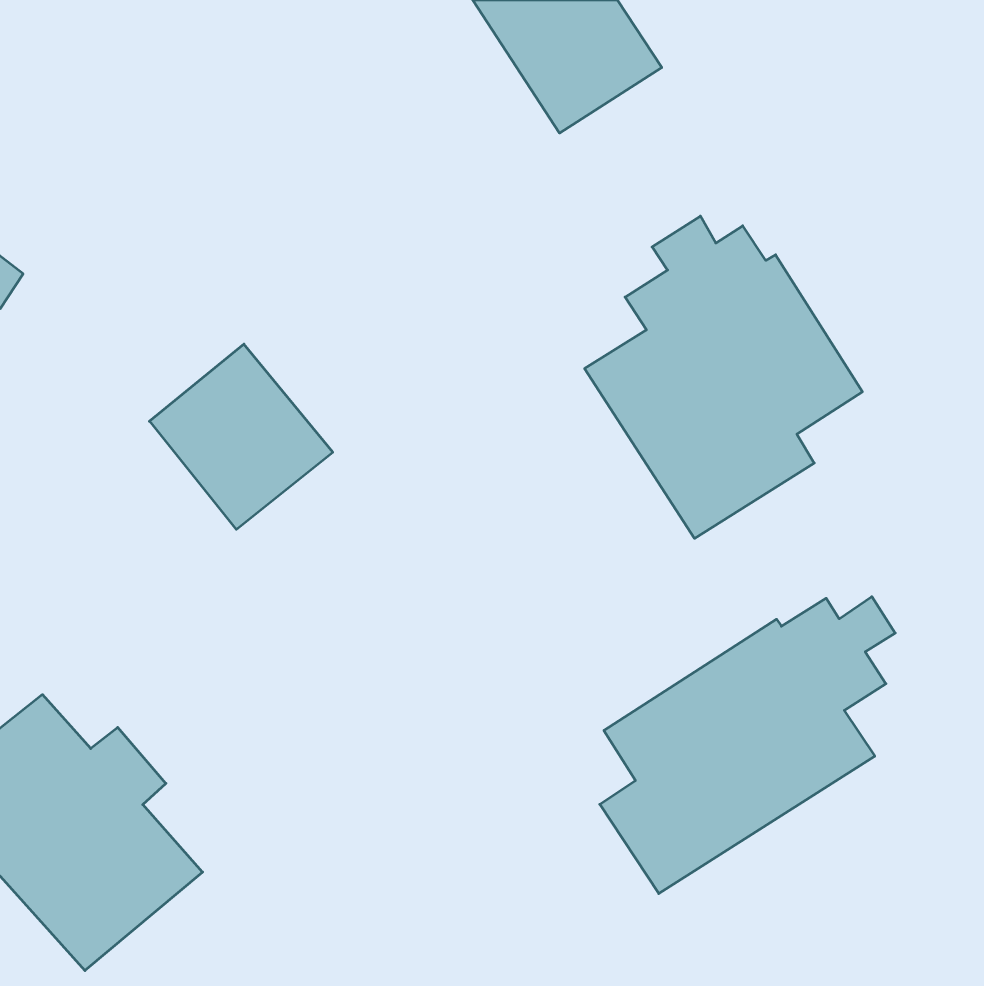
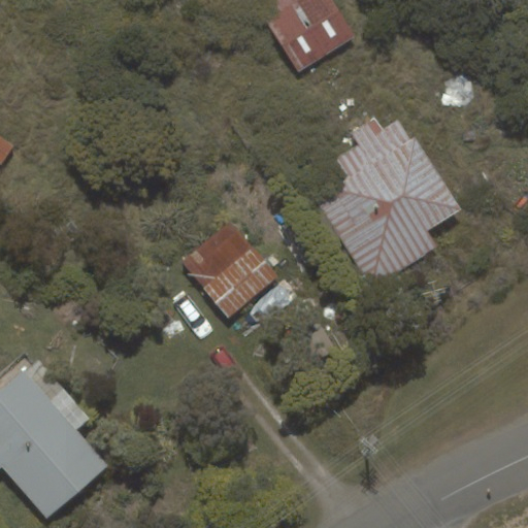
building: [149,344,333,529] -> [180,220,278,319]
building: [600,597,895,894] -> none

